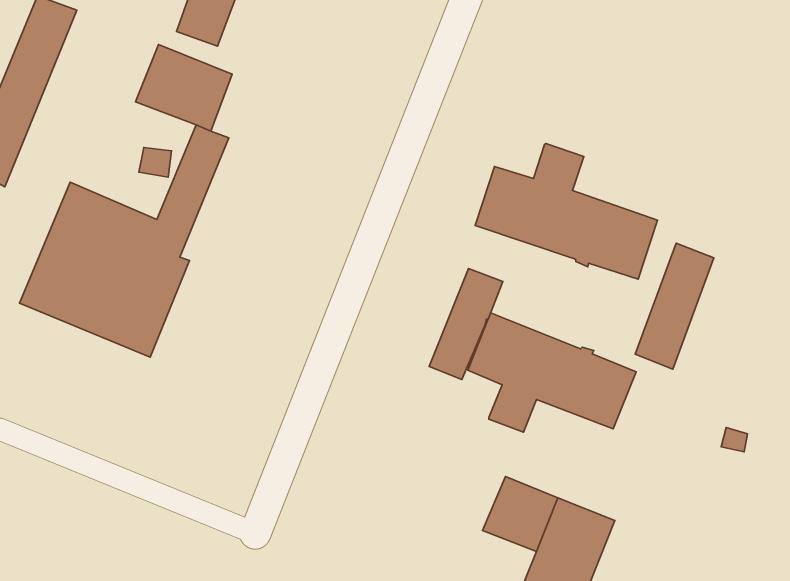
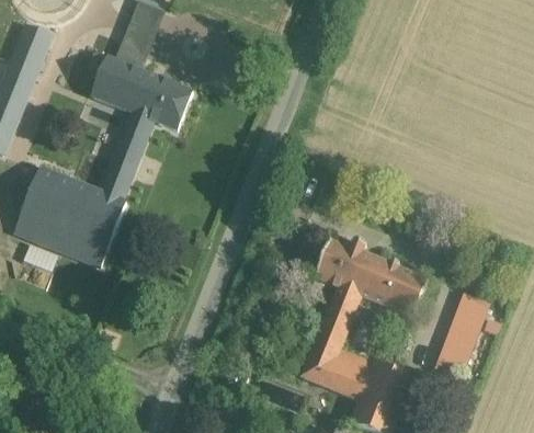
building: none -> [141,78,191,129]
building: [475,143,658,279] -> none
building: [635,243,714,369] -> [434,293,487,377]
building: [429,268,503,380] -> [302,309,351,384]

